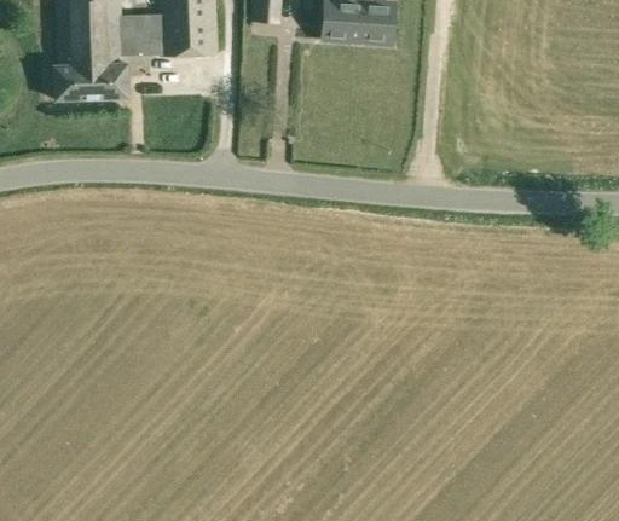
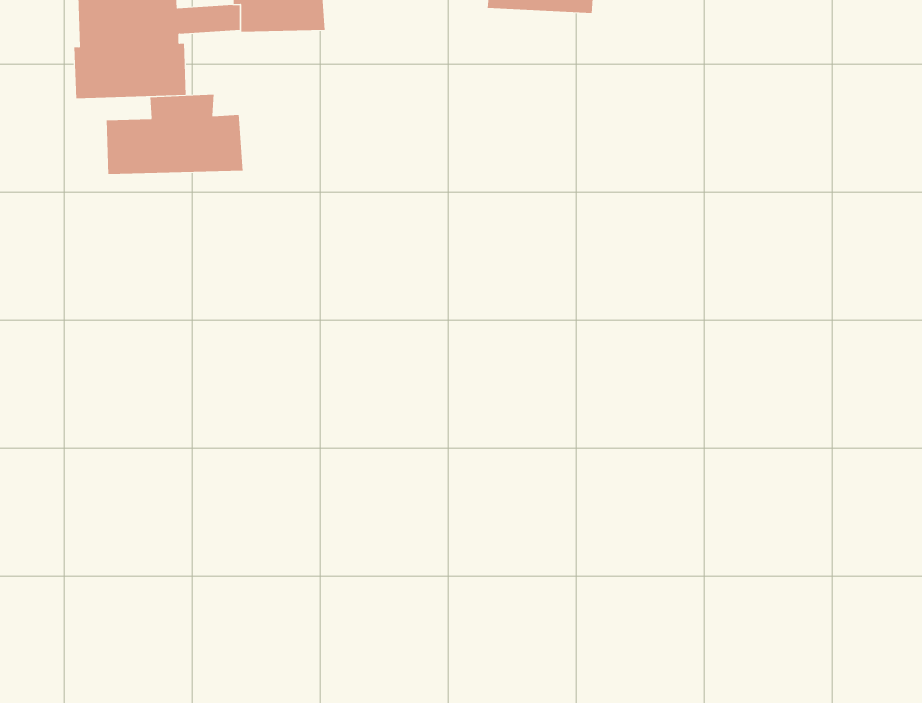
building: none -> [106,94,243,175]

